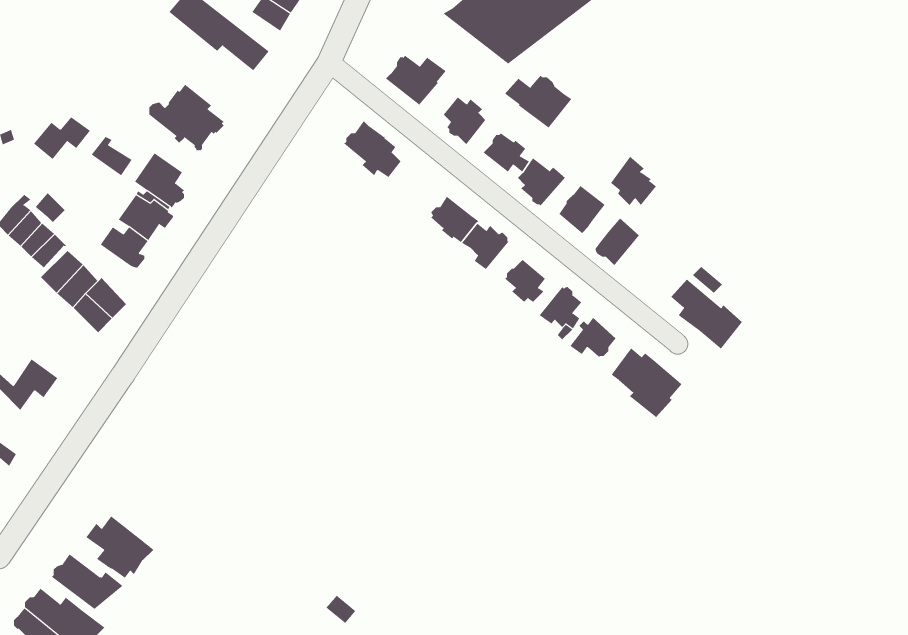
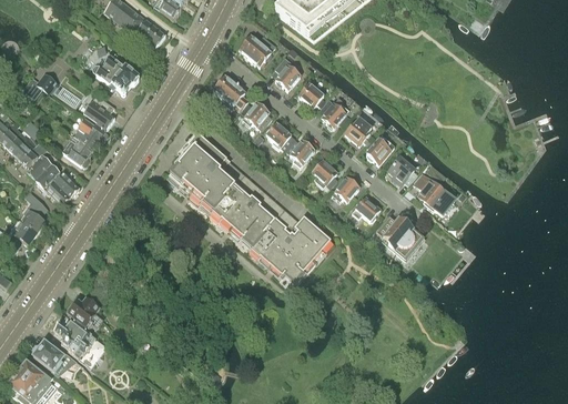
building: [504,75,572,129] -> none
building: [610,156,657,206] -> [388,153,417,184]
building: none -> [242,101,271,129]
building: none -> [168,132,329,280]
building: none -> [20,190,47,233]
building: none -> [67,297,102,330]

